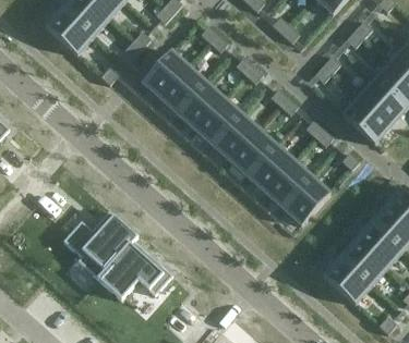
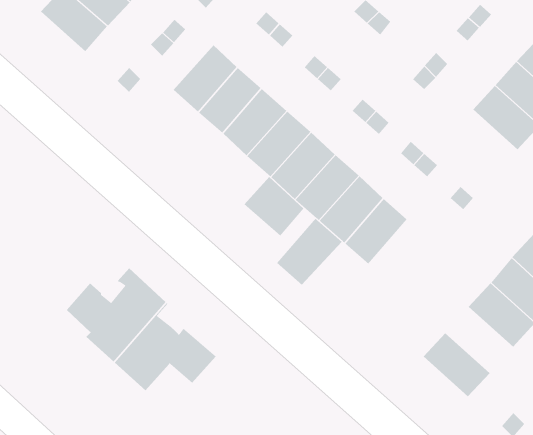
building: [341,96,390,144] -> none
building: none -> [244,176,304,237]
building: [282,175,330,224] -> [276,218,342,286]
building: [338,238,387,286] -> none

